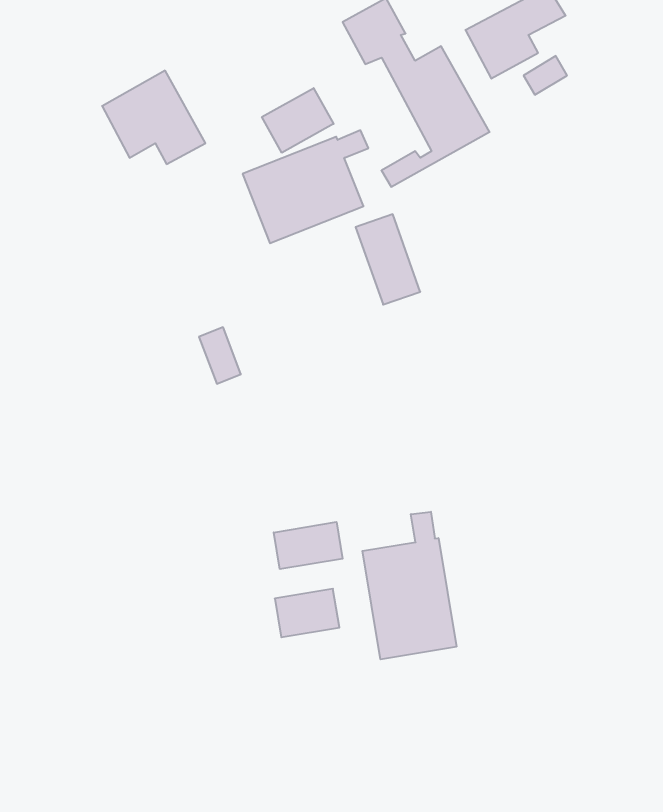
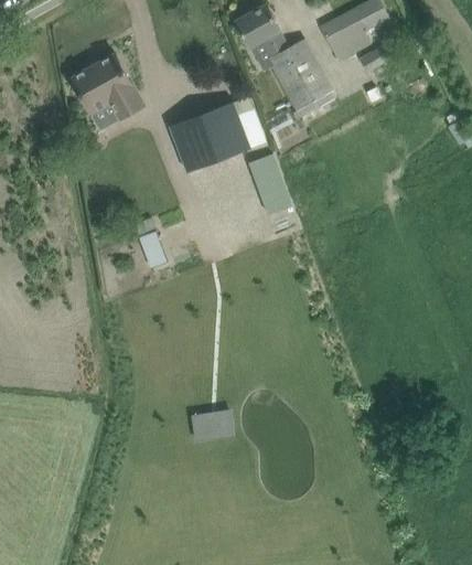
building: [262,88,334,153] -> none
building: [362,512,456,659] -> none
building: [274,522,343,569] -> none

